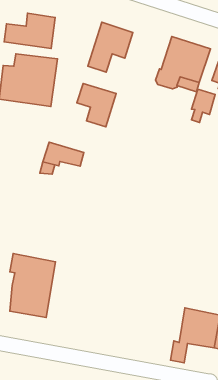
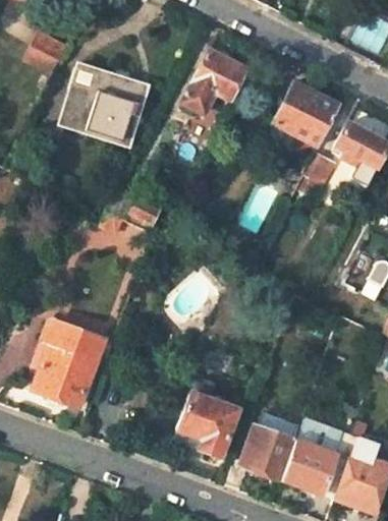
building: [4,13,55,48] -> none
building: [77,84,116,127] -> none
building: none -> [177,392,237,455]

